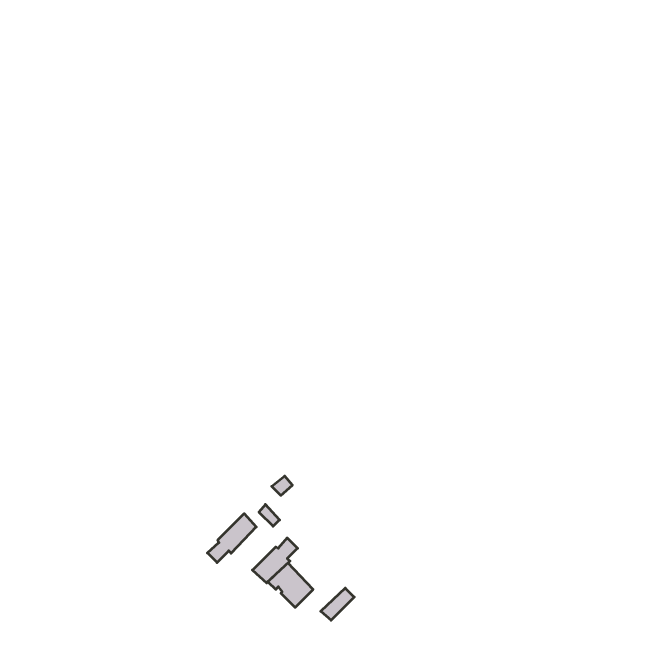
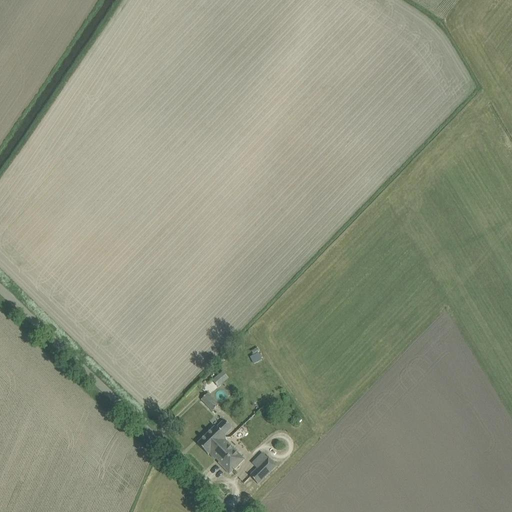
building: [207,514,256,563] -> none

